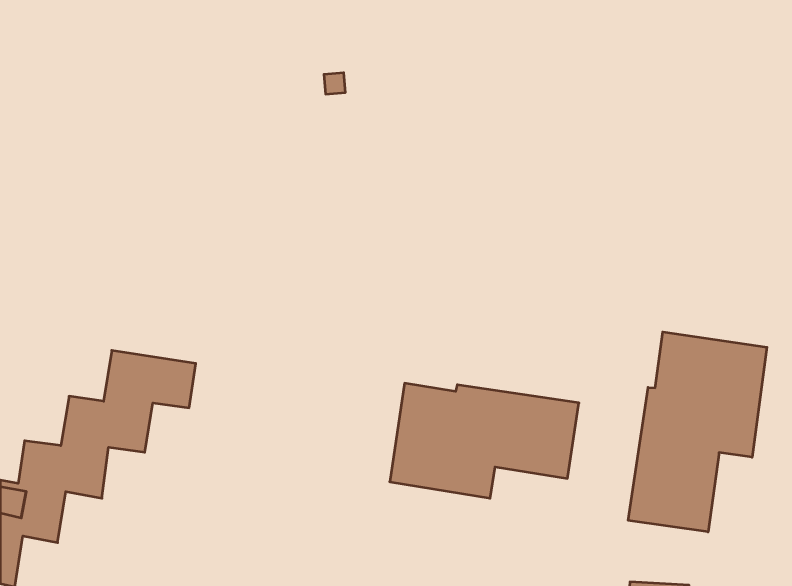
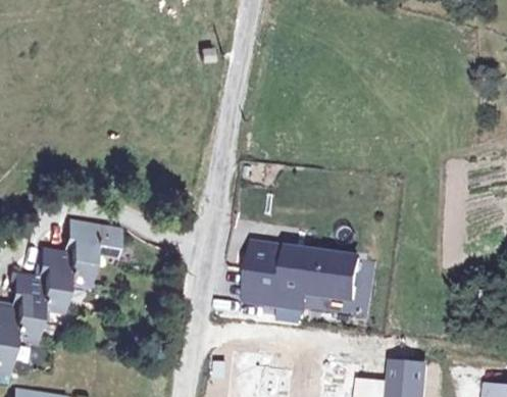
building: [628,332,767,532] -> none

